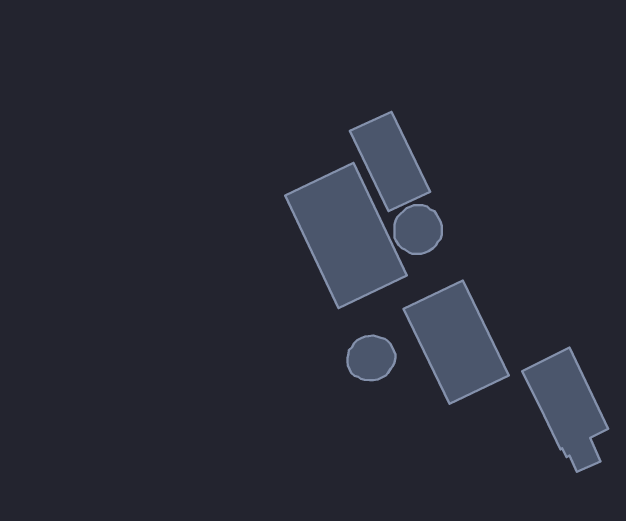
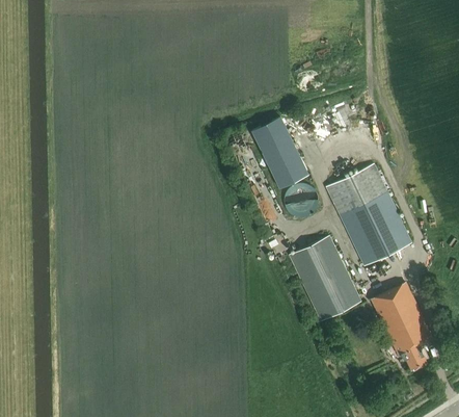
building: [285,163,407,308] -> [326,164,411,266]
building: [347,336,396,380] -> none

